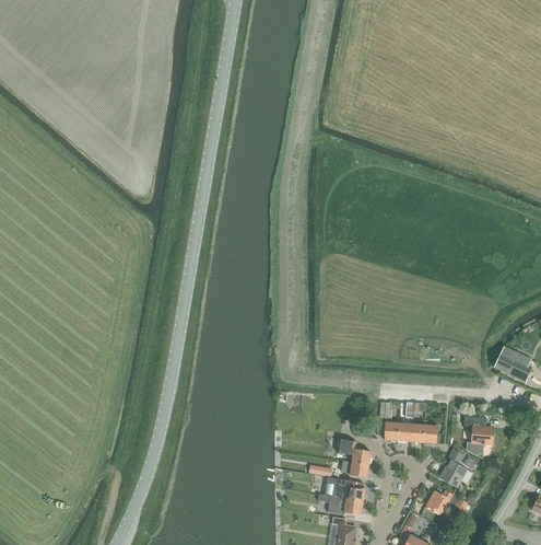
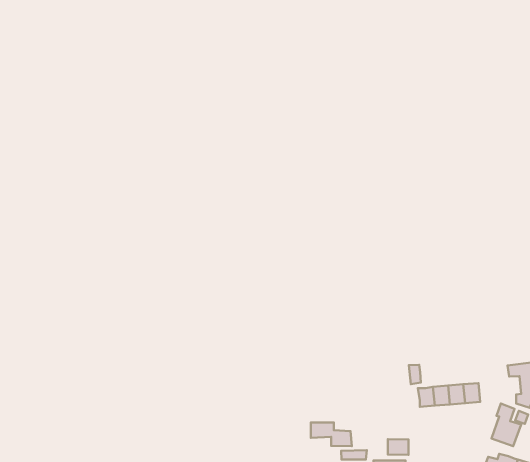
building: [334,439,369,465] -> [311,422,352,446]

